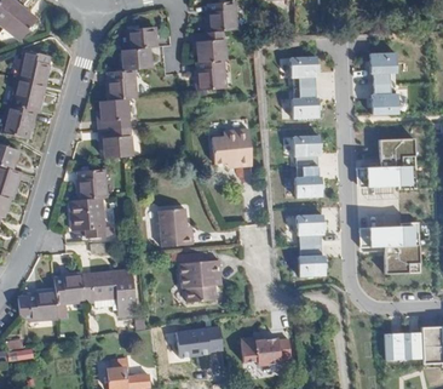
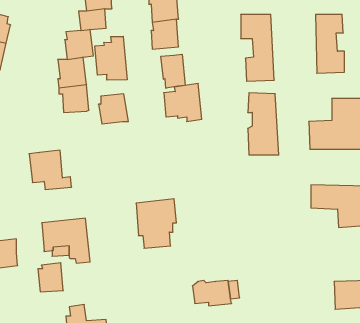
building: none -> [95,36,127,80]
building: none -> [161,54,185,88]
building: [75,166,107,198] -> [98,94,128,124]
building: [159,205,195,245] -> none
building: [299,214,334,278] -> none
building: [57,271,84,302] -> [38,263,63,292]
building: [178,326,223,356] -> none

